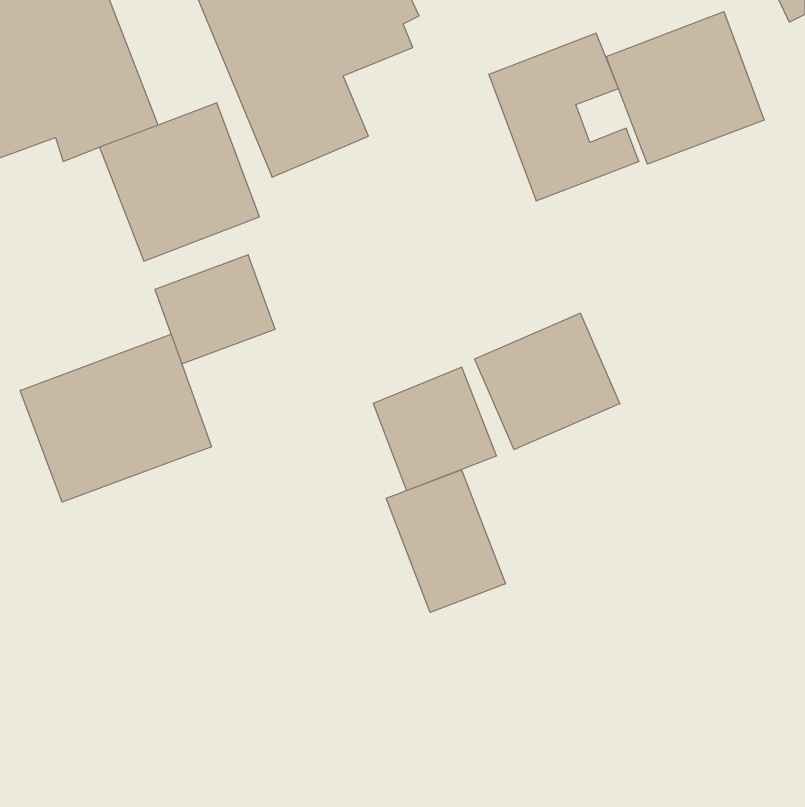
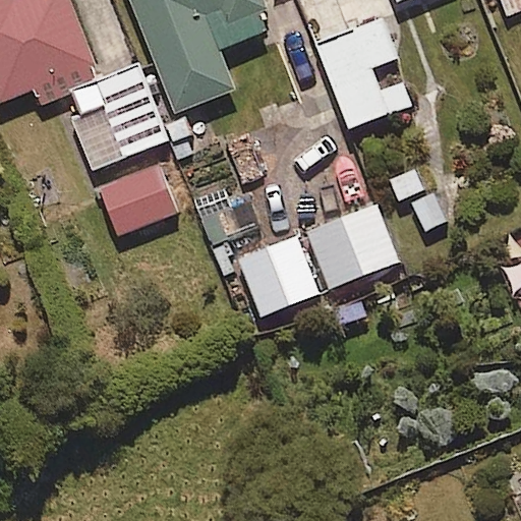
building: [606,12,764,164] -> none
building: [20,334,212,502] -> none
building: [386,470,505,612] -> none

